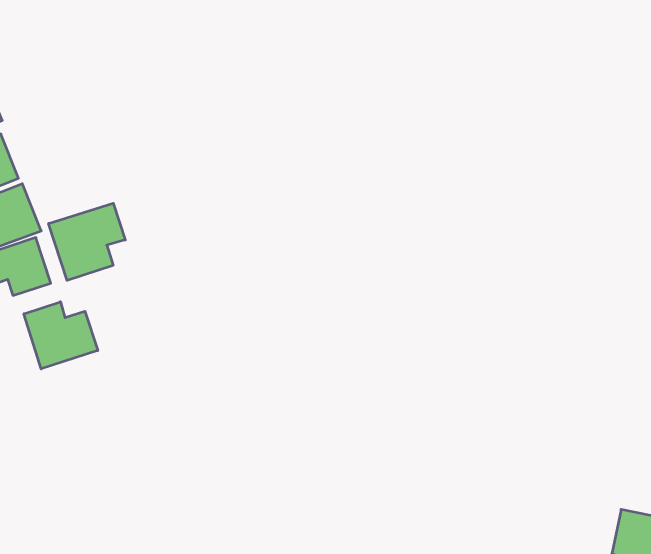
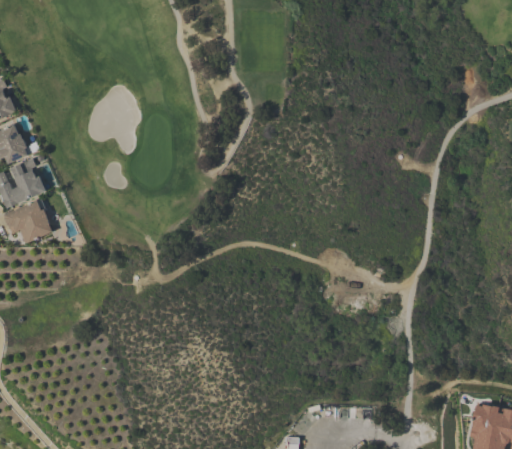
building: [49,203,125,280] -> none
building: [24,302,98,369] -> none

